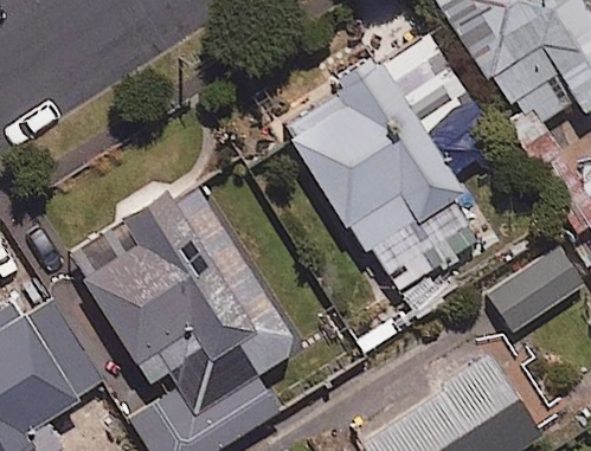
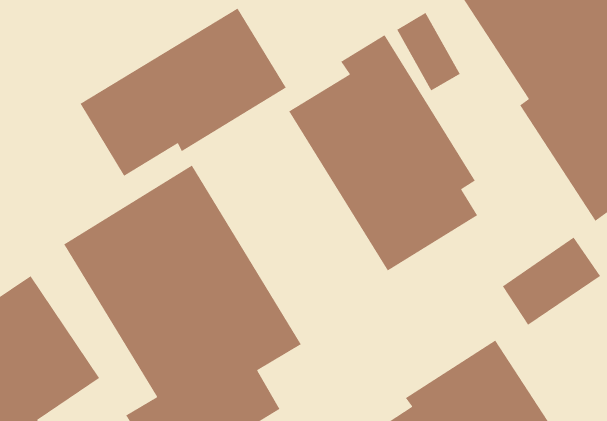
building: none -> [80,8,287,177]

